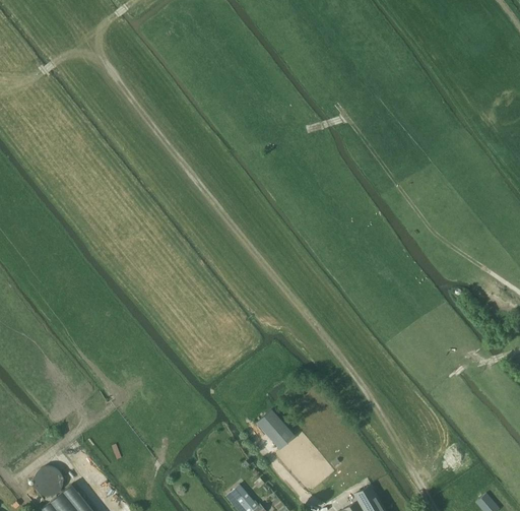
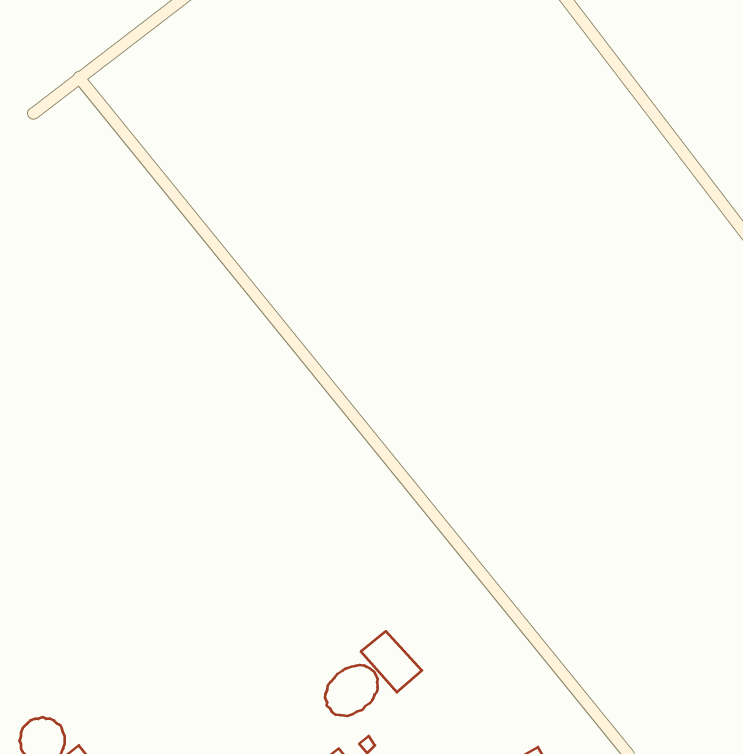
building: none -> [325,665,377,716]

